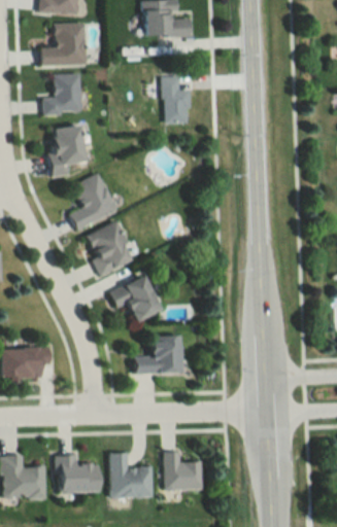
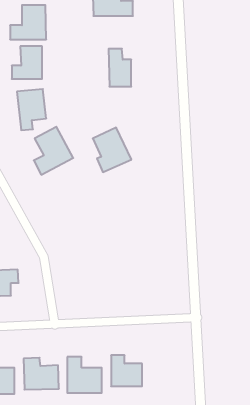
building: [87,221,134,276] -> [93,128,131,172]
building: [109,276,162,321] -> none
building: [135,335,182,374] -> none

